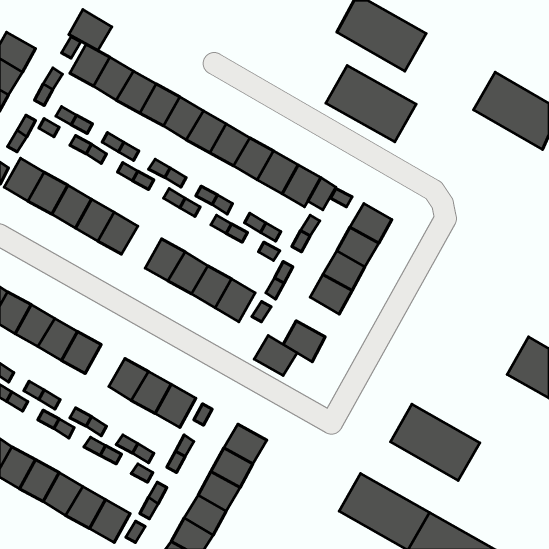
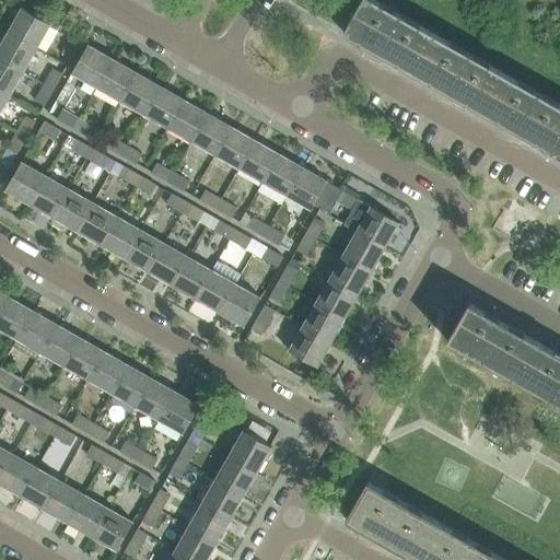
building: [69,10,112,51] -> [7,9,50,50]
building: [326,65,416,142] -> [411,35,503,113]
building: none -> [124,231,164,273]
building: [254,336,297,375] -> [301,303,345,343]
building: none -> [86,351,127,394]
building: [390,404,480,481] -> [446,304,537,382]

